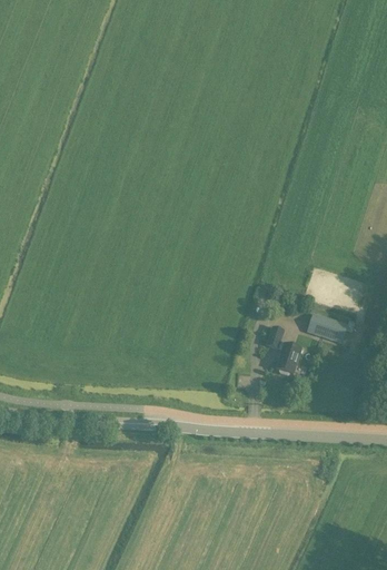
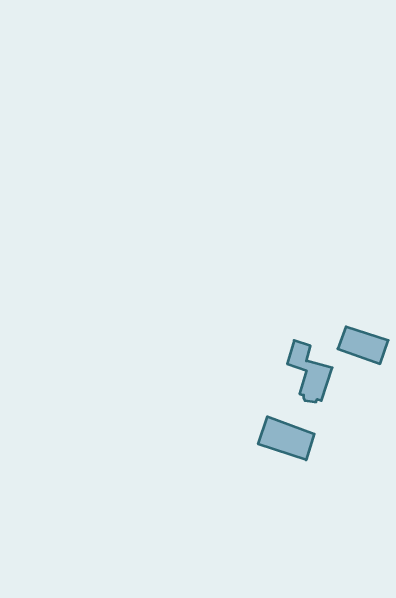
building: none -> [258,417,314,460]

